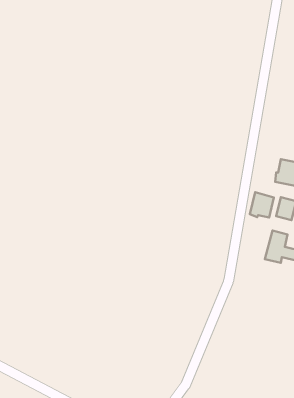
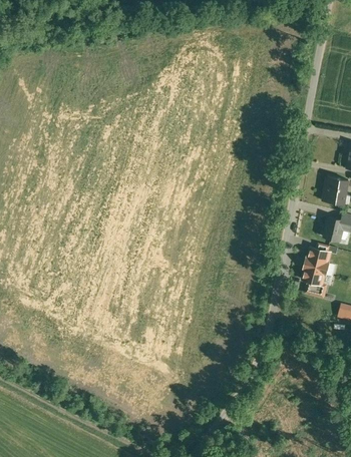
building: [250,192,274,218] -> none

